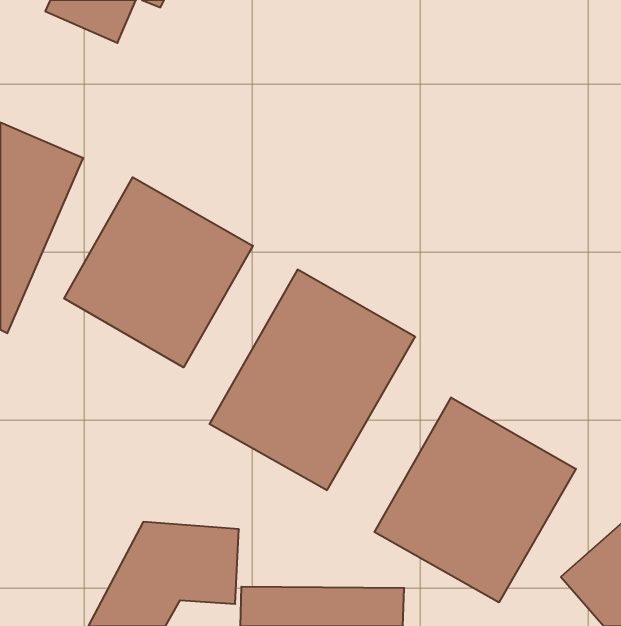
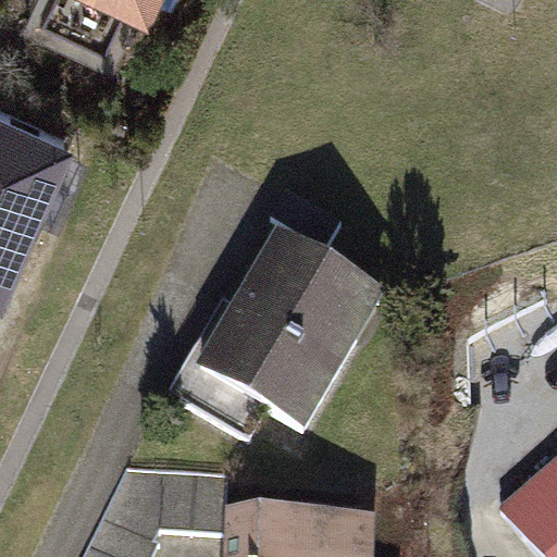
building: [64,177,253,367] -> none
building: [374,397,576,602] -> none

